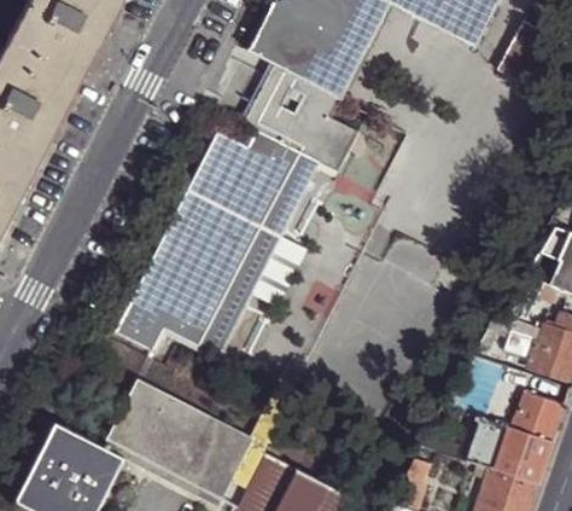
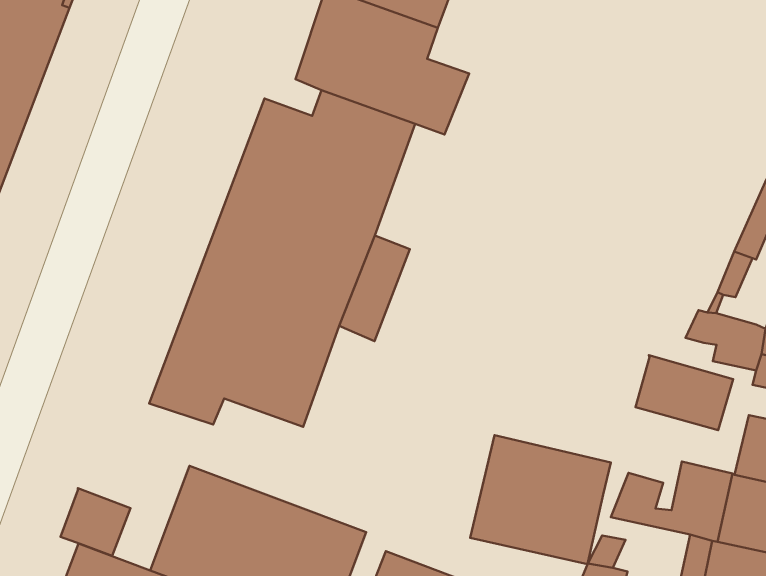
building: none -> [635,355,733,430]
building: none -> [470,435,611,564]
building: none -> [60,488,131,556]

